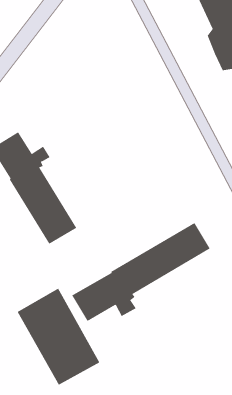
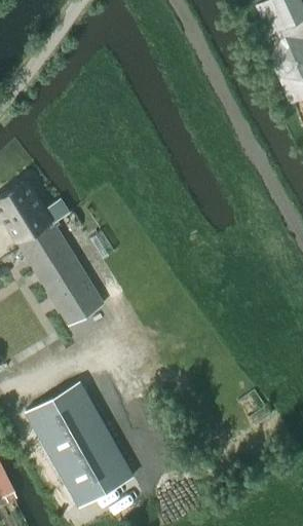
building: [71,222,211,322] -> none

